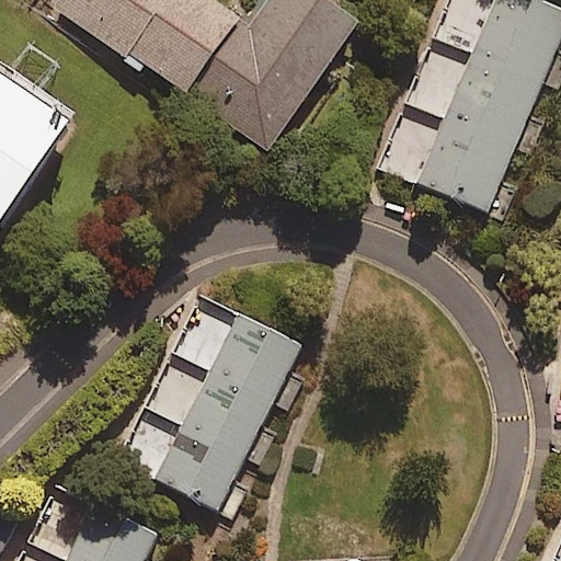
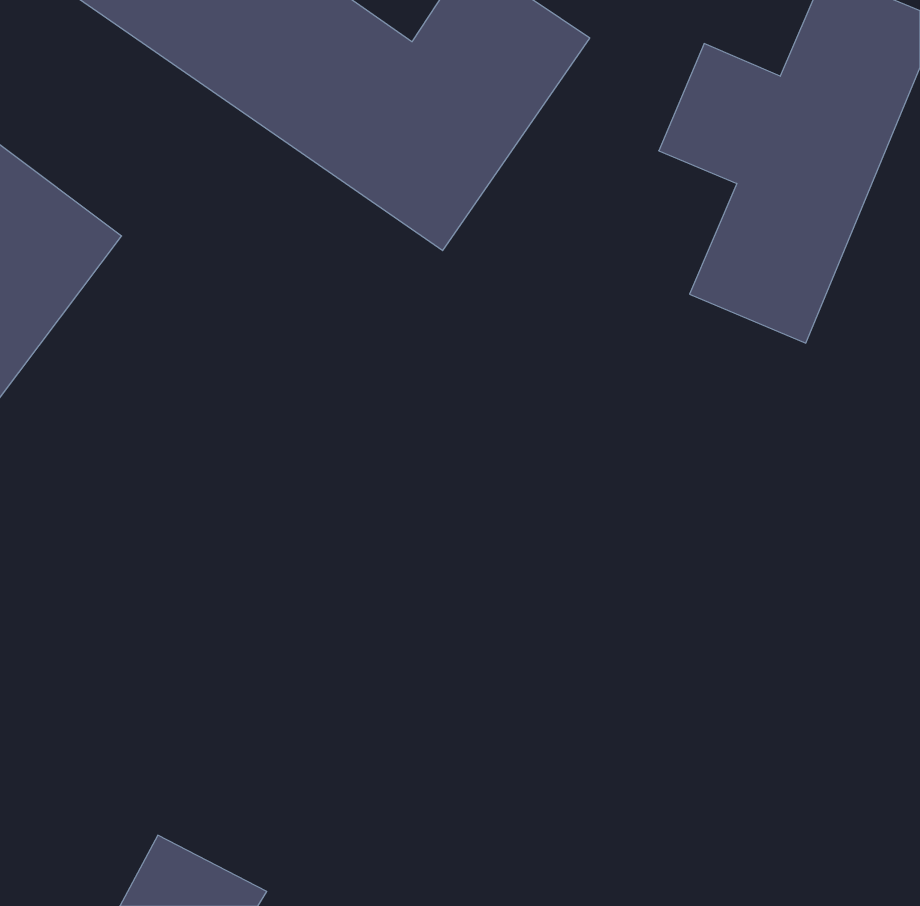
building: [153,314,300,507] -> none

